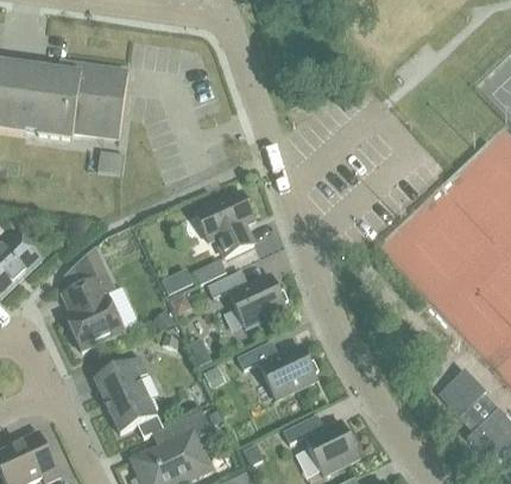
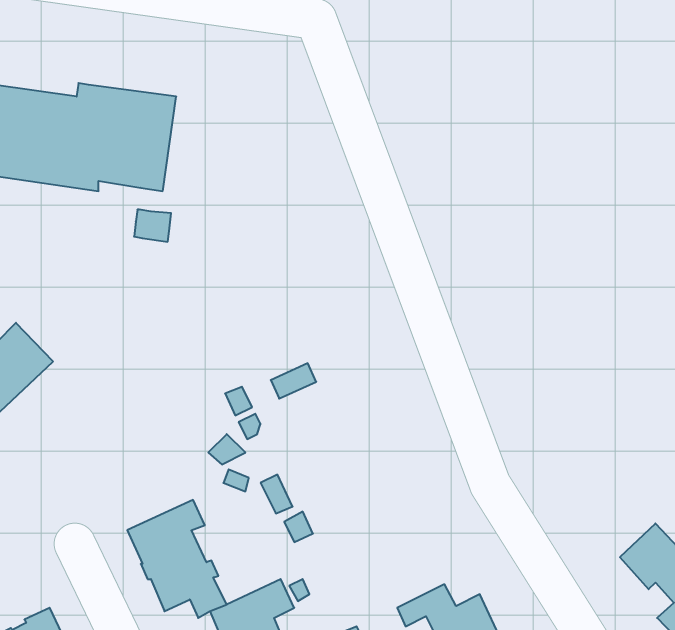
building: [195,191,254,256] -> none
building: [61,246,124,351] -> none
building: [207,274,285,327] -> none
building: [236,345,316,399] -> none

